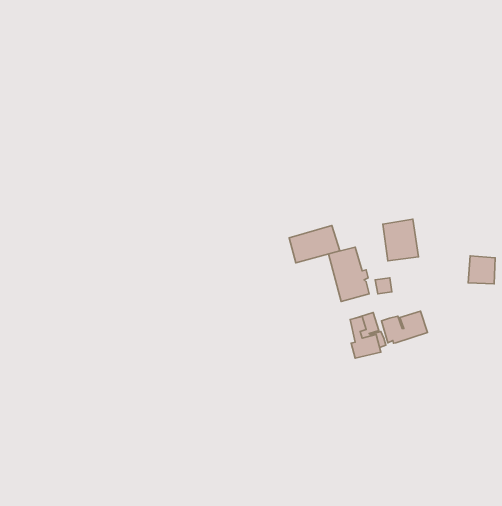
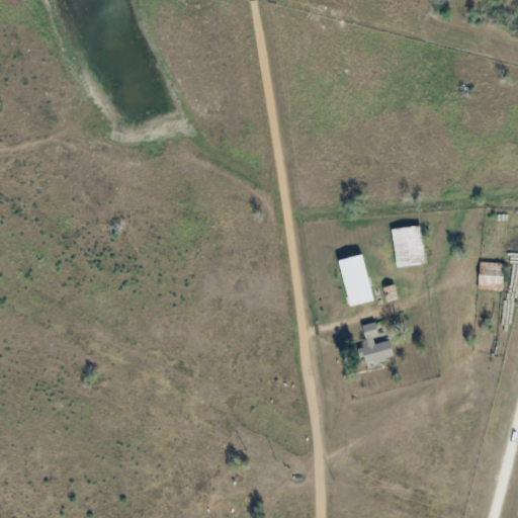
building: [289,226,340,263] -> none
building: [382,311,427,343] -> none

